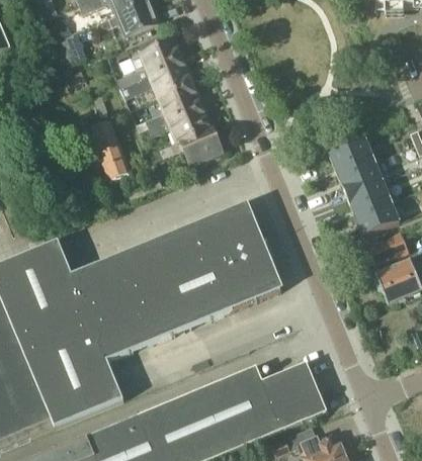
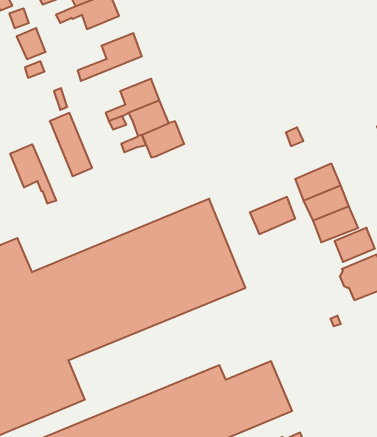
building: [120,62,189,96] -> none
building: [321,146,365,182] -> [250,197,295,234]
building: none -> [10,144,56,204]

